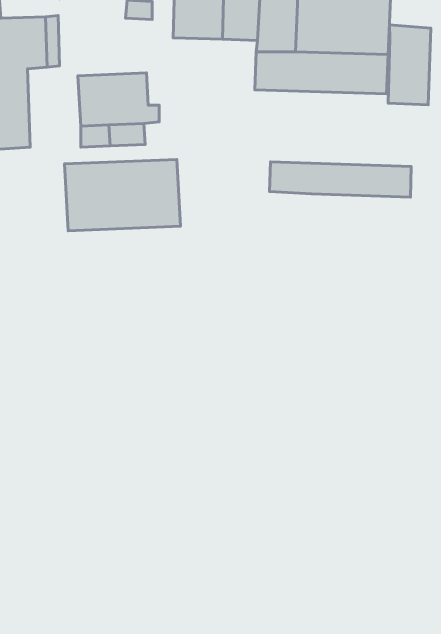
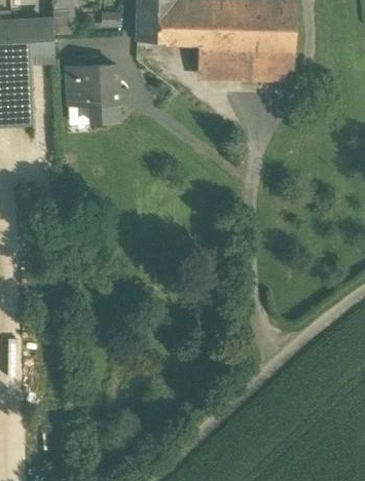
building: [388,25,431,105] -> none
building: [64,159,181,231] -> none
building: [270,162,411,197] -> none

